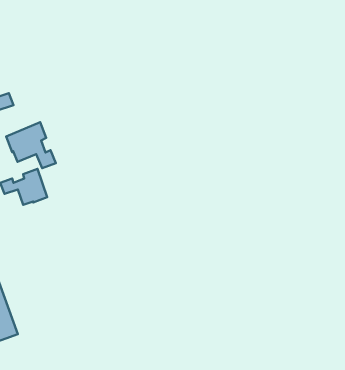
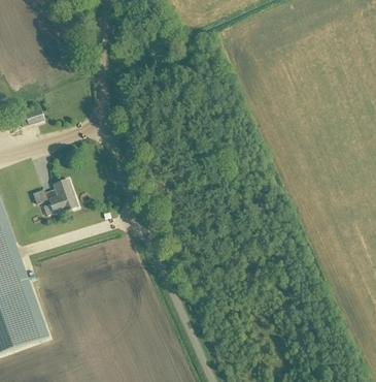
building: [6,122,56,168] -> none

